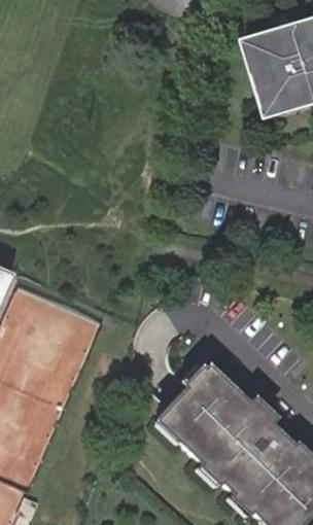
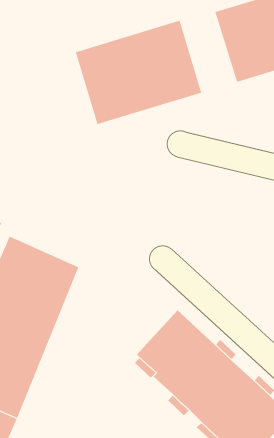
building: none -> [75,20,202,125]

